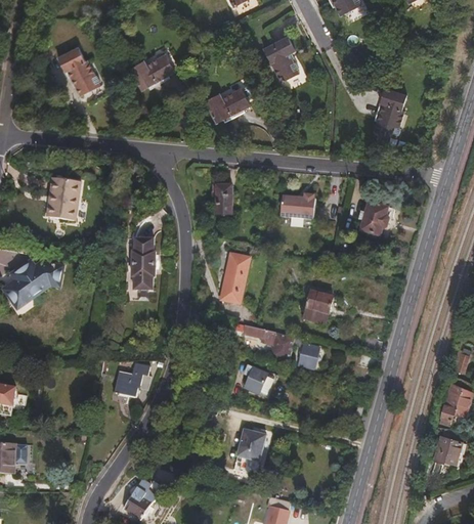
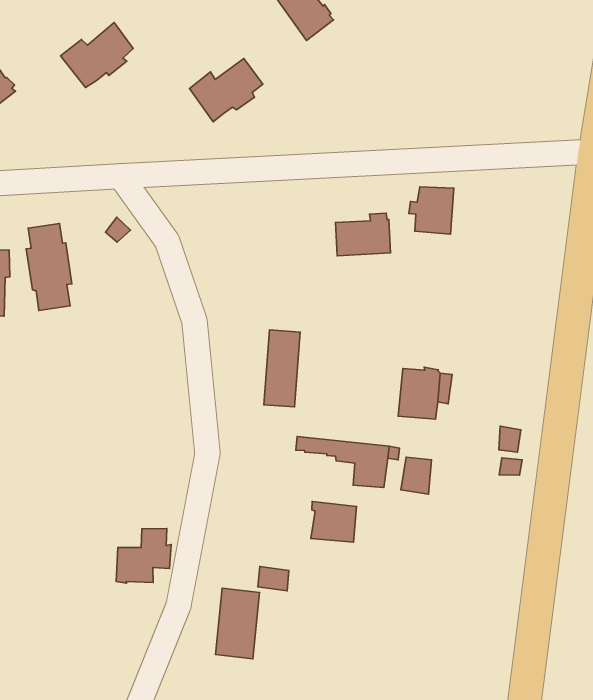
building: [374,86,406,135] -> none
building: [214,184,232,214] -> none
building: [357,202,387,233] -> [409,187,454,234]
building: [131,238,156,290] -> [26,224,72,311]
building: [236,430,269,476] -> [215,588,260,659]

